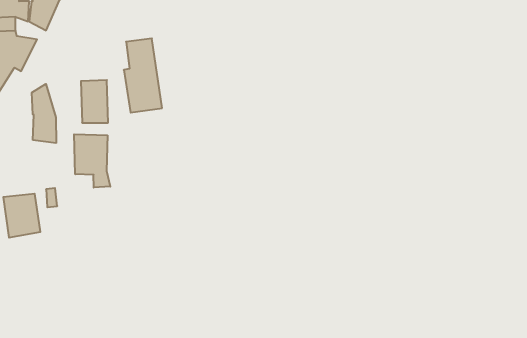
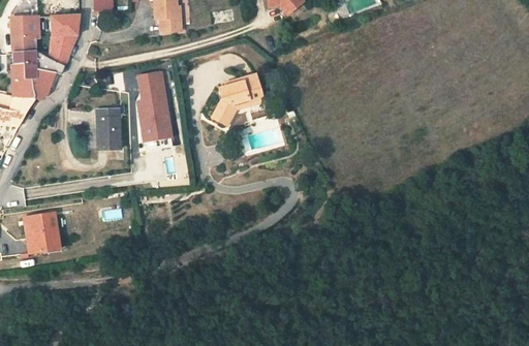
building: none -> [211,72,266,126]
building: [32,84,56,143] -> none
building: [74,134,110,188] -> none

